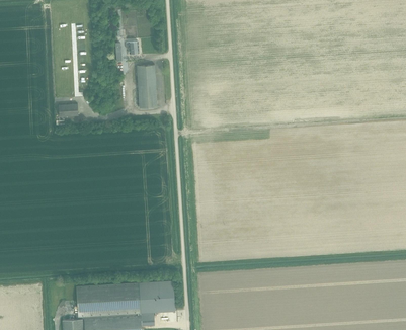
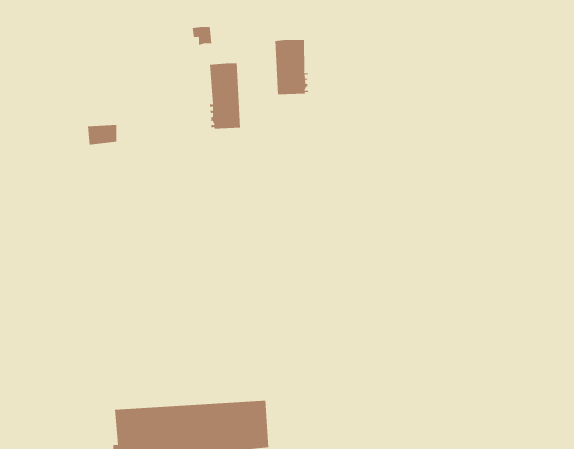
building: none -> [275,39,309,95]

